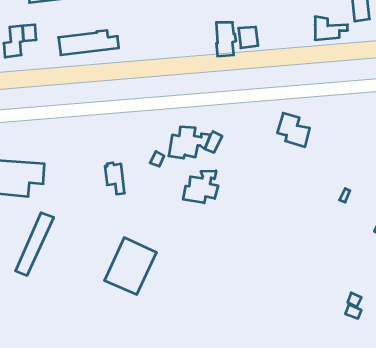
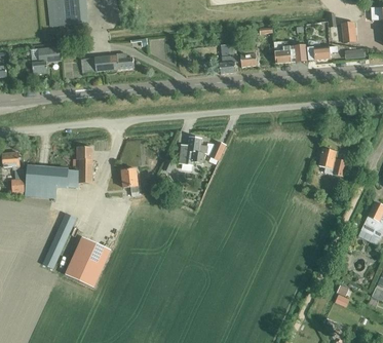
building: none -> [273,44,307,63]
building: [277,113,310,147] -> [318,147,347,177]
building: none -> [68,148,93,188]
building: [183,171,218,203] -> none
building: [104,238,157,294] -> [66,236,112,287]

